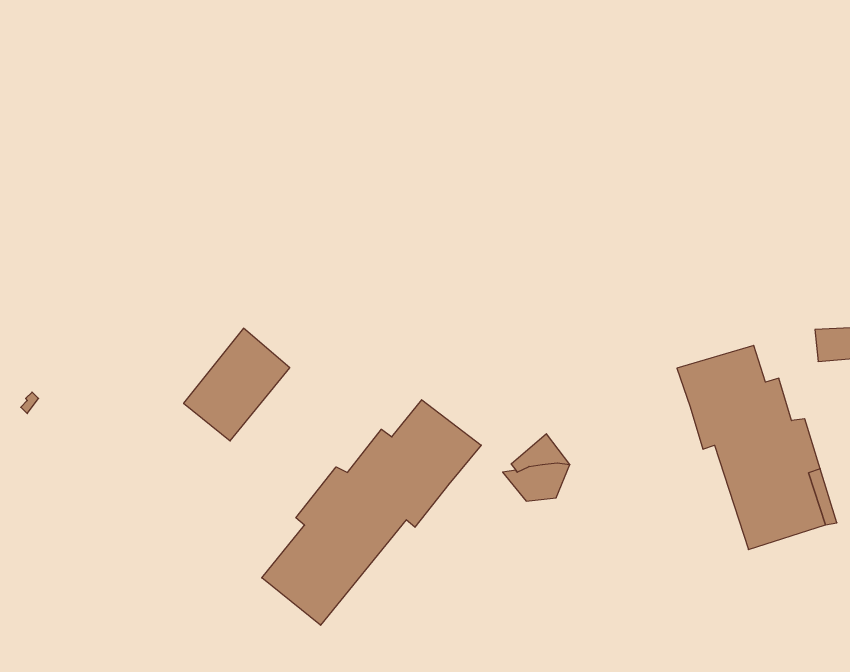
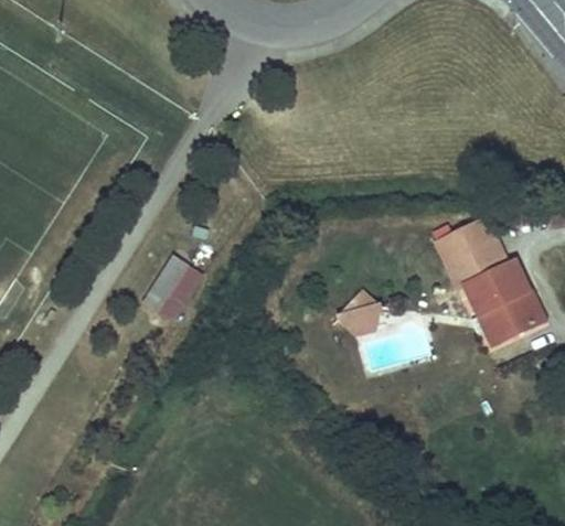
building: [262,400,481,625] -> none

